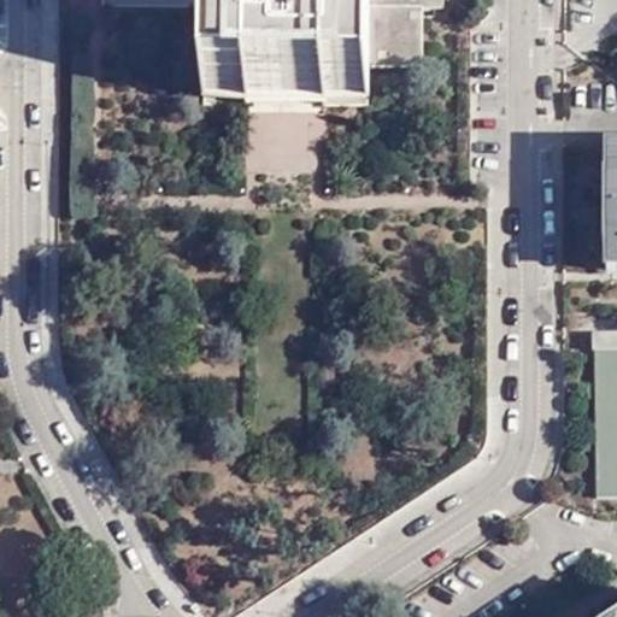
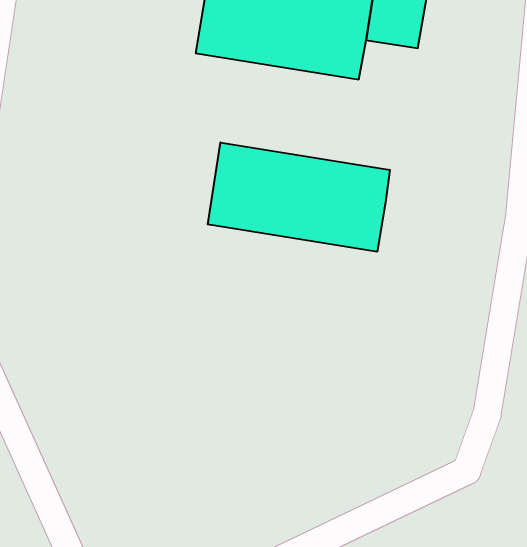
building: none -> [208,142,390,252]

